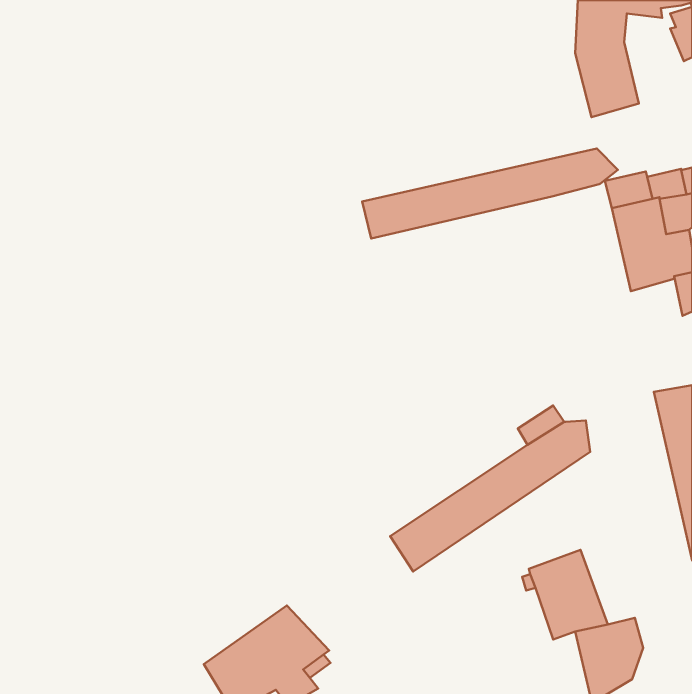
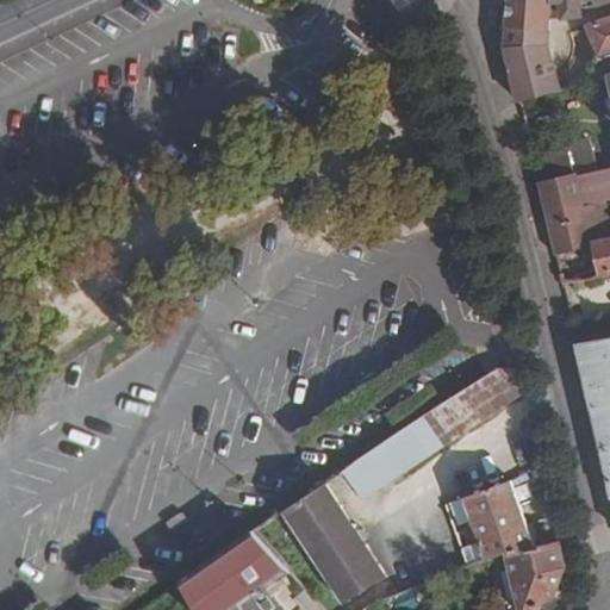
building: [362,149,618,239] -> none
building: none -> [282,484,385,604]

